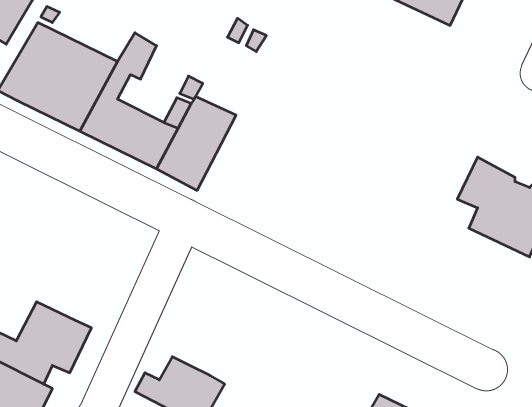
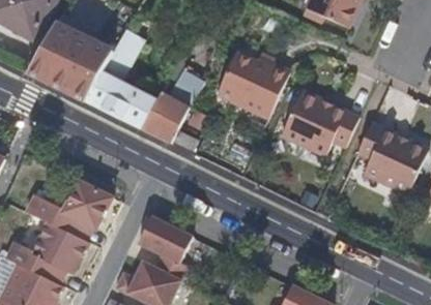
building: none -> [216,53,287,116]
building: none -> [280,90,355,153]
building: none -> [31,181,117,237]
building: none -> [146,217,200,281]

